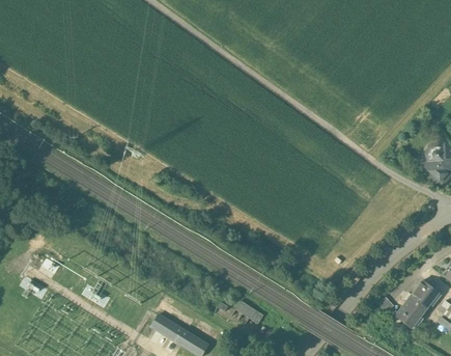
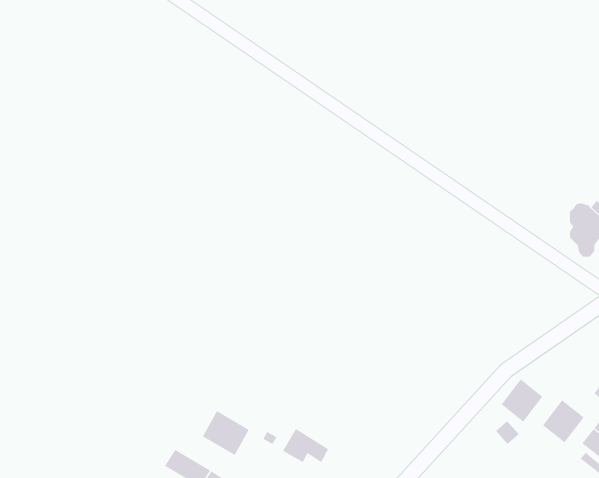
building: none -> [202,410,249,456]
building: [397,298,426,328] -> [501,379,543,422]

